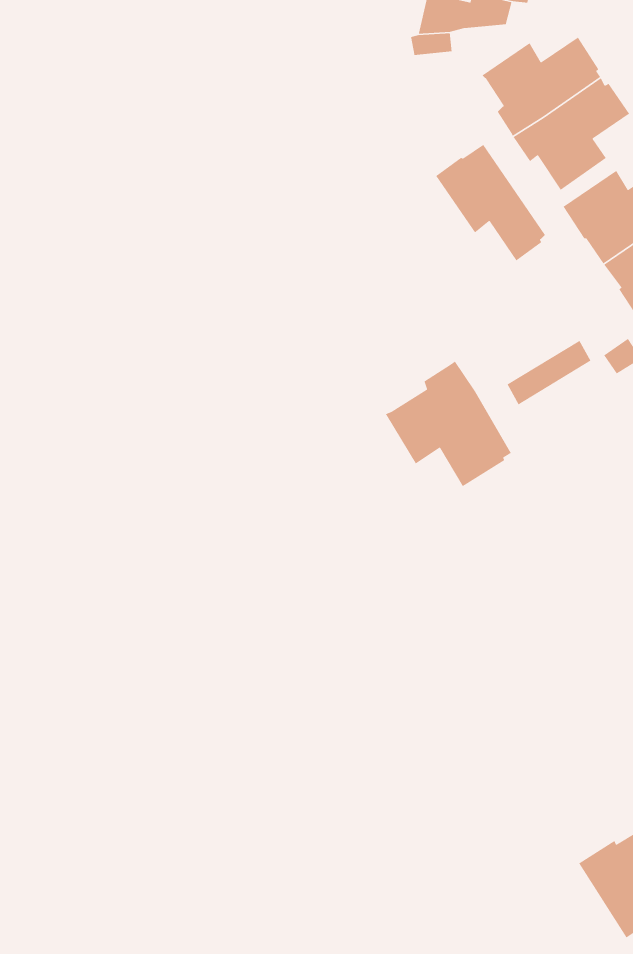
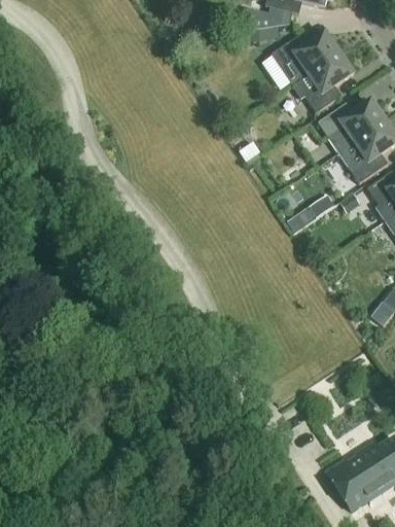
building: [435,144,546,261] -> none
building: [385,360,512,487] -> none

